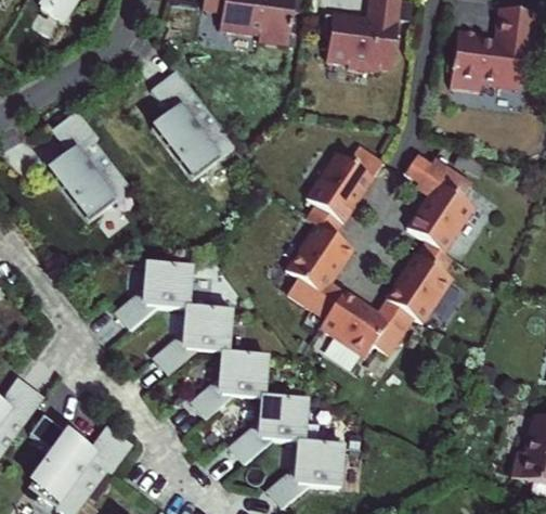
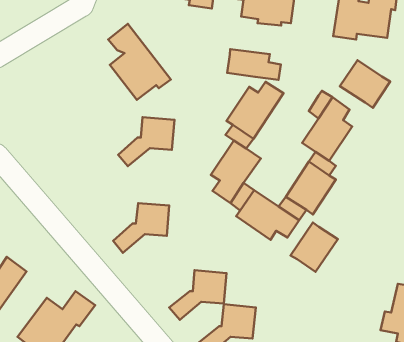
building: none -> [227,49,281,80]
building: [49,110,130,215] -> none
building: none -> [340,60,390,108]
building: [116,264,191,329] -> [118,117,174,166]
building: none -> [291,223,338,272]
building: [192,352,266,419] -> none

